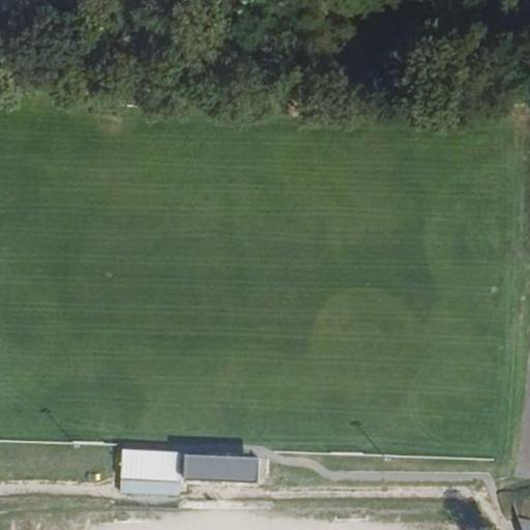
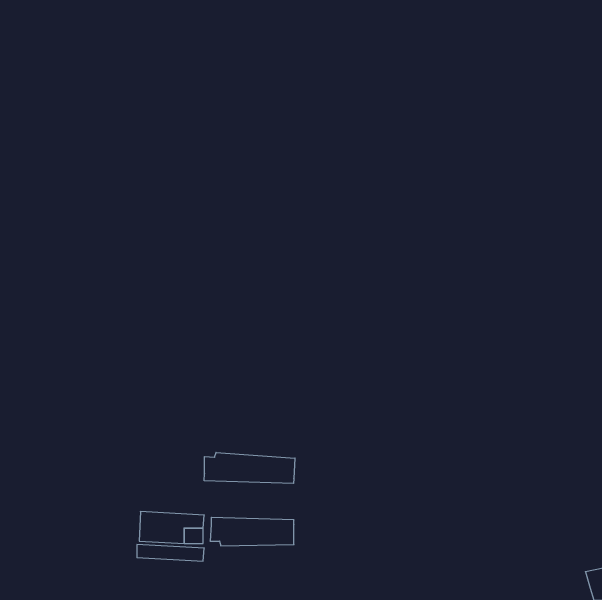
building: none -> [204,452,295,483]

